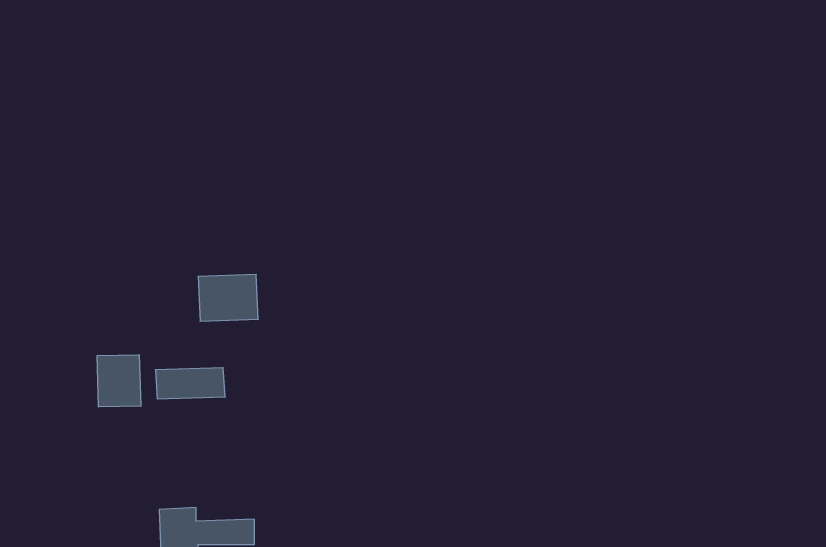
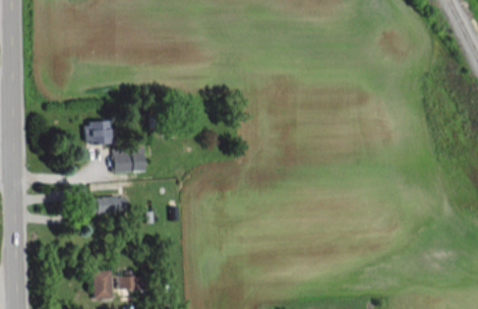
building: none -> [84,122,110,144]
building: [97,355,141,407] -> none

